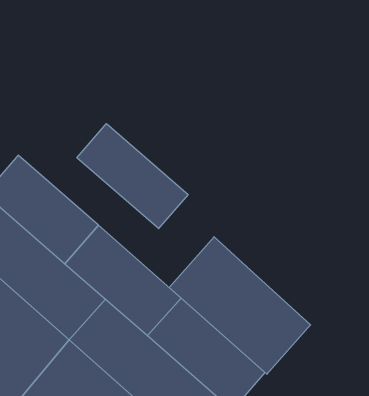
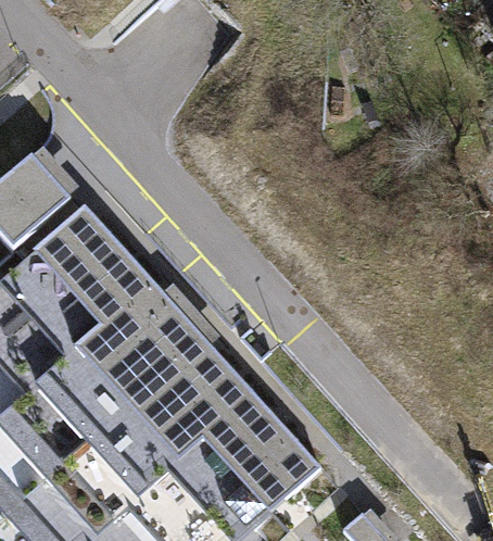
building: [77,124,188,229] -> none
building: [169,237,311,374] -> none

